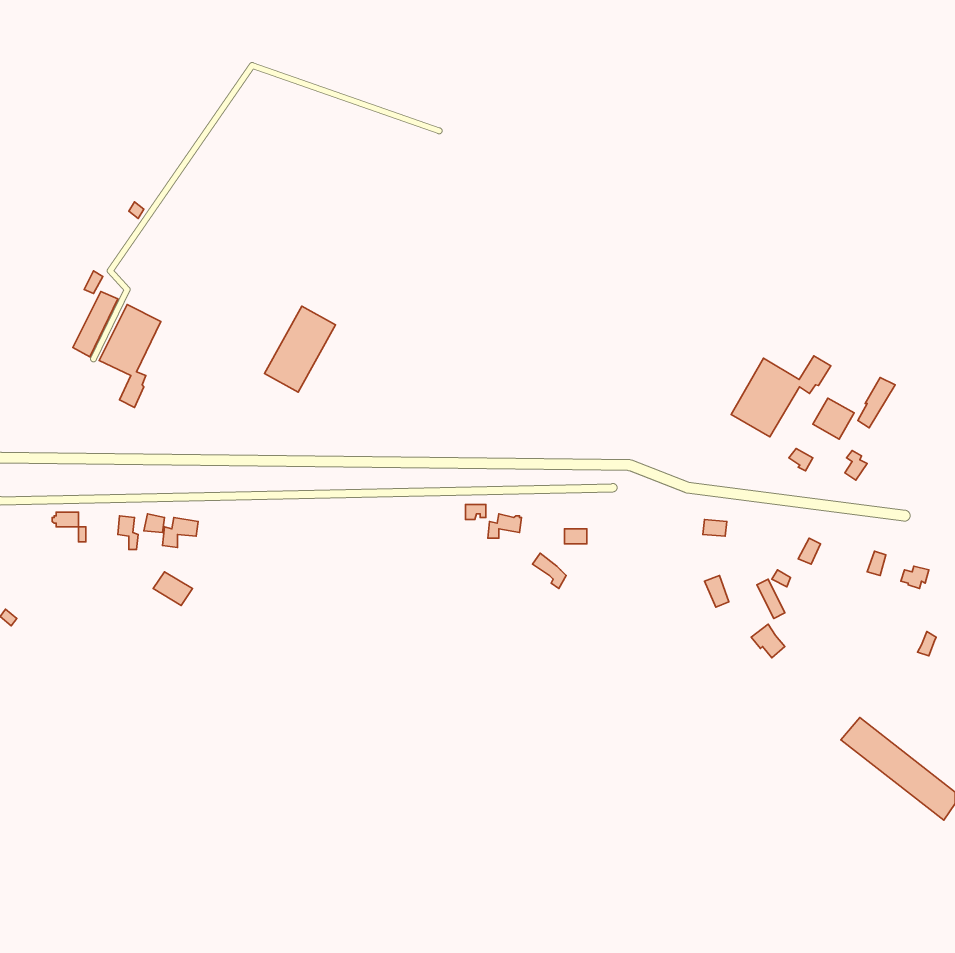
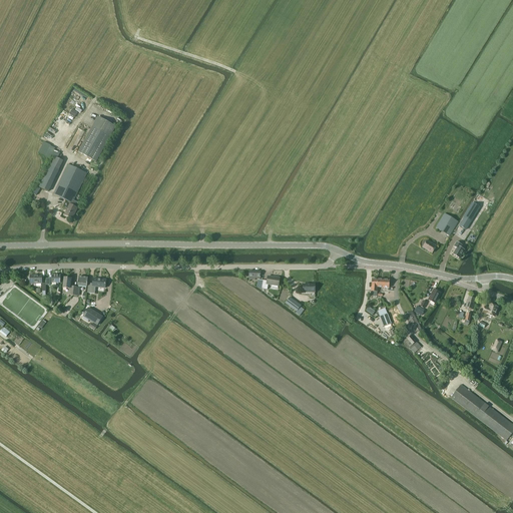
building: [265,306,336,392] -> [78,115,116,161]
building: [731,356,831,437] -> none

